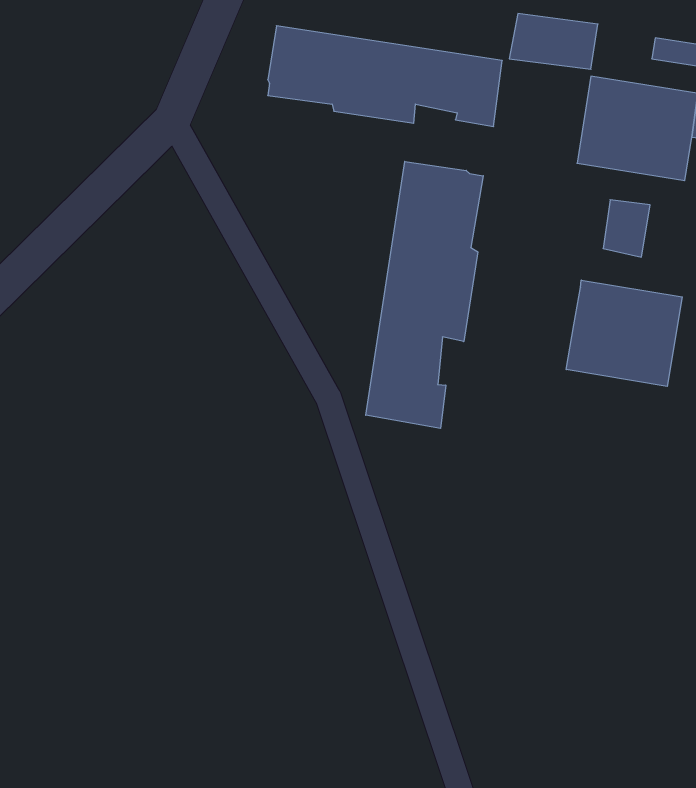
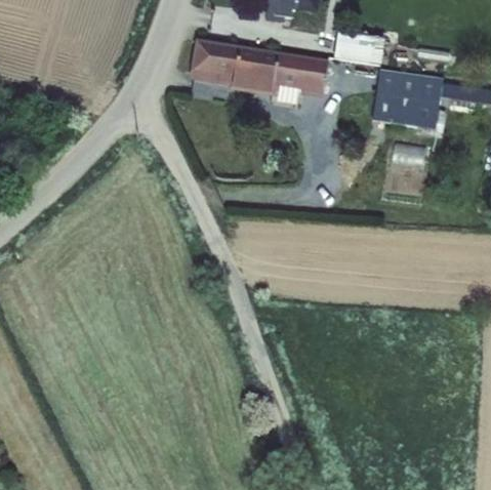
building: [366,161,483,428] -> none
building: [566,280,682,386] -> none

